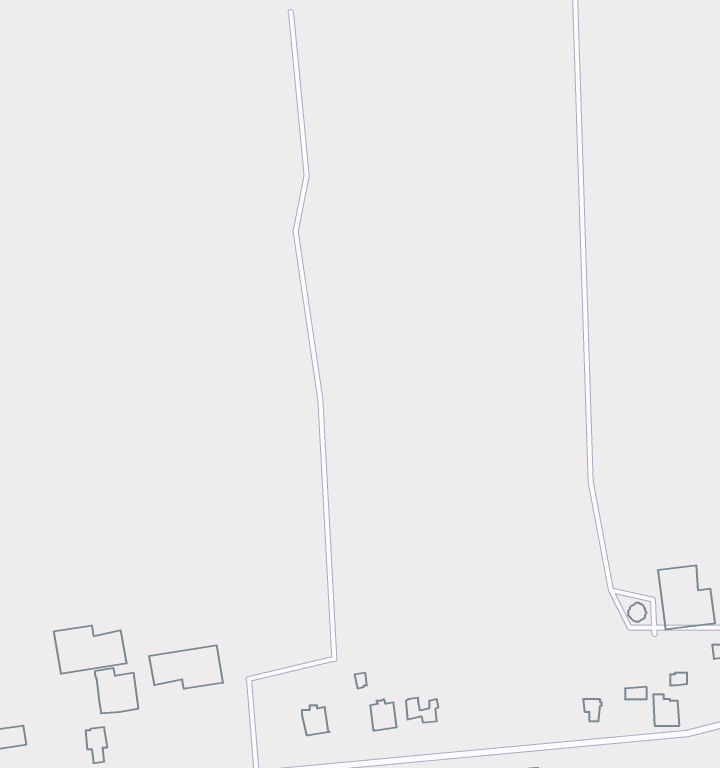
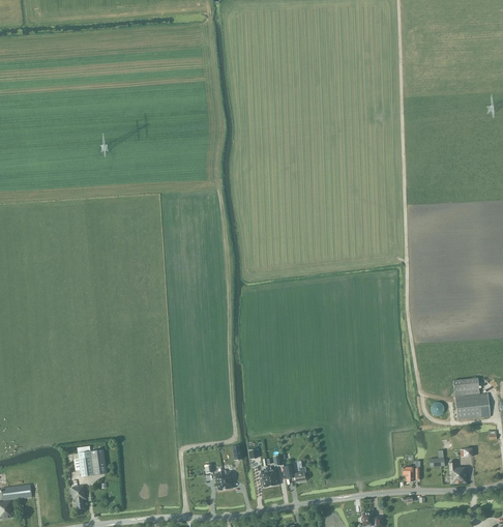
building: [54,625,126,674] -> none
building: [149,645,223,689] -> none

